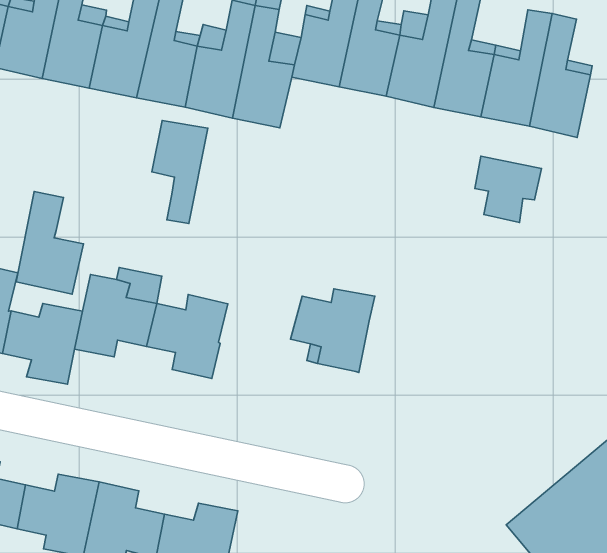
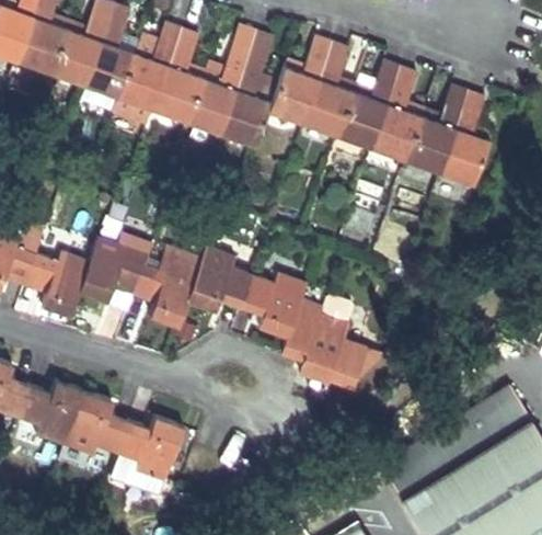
building: [152,120,208,224] -> none
building: [475,156,541,222] -> none
building: [16,191,83,294] -> none
building: none -> [187,248,254,311]
building: none -> [281,299,385,386]

